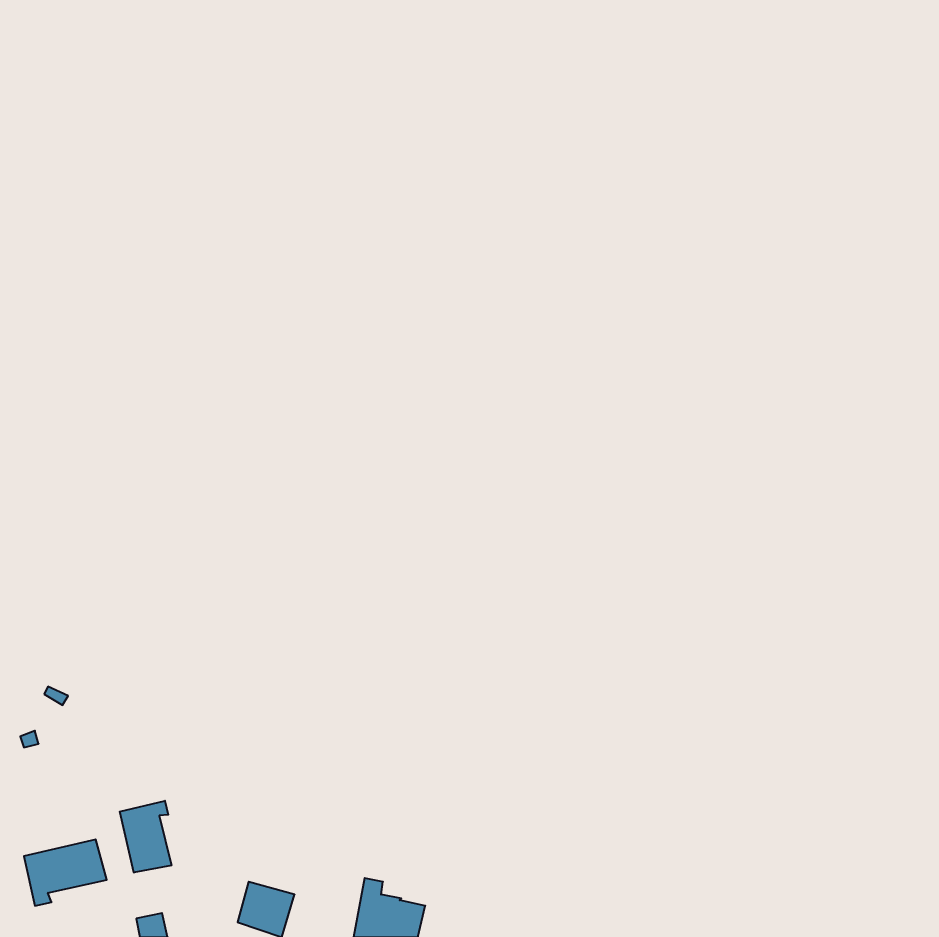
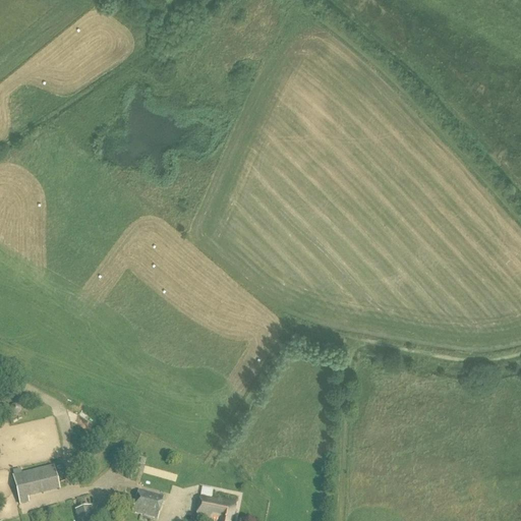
building: [120,801,171,873] -> none

